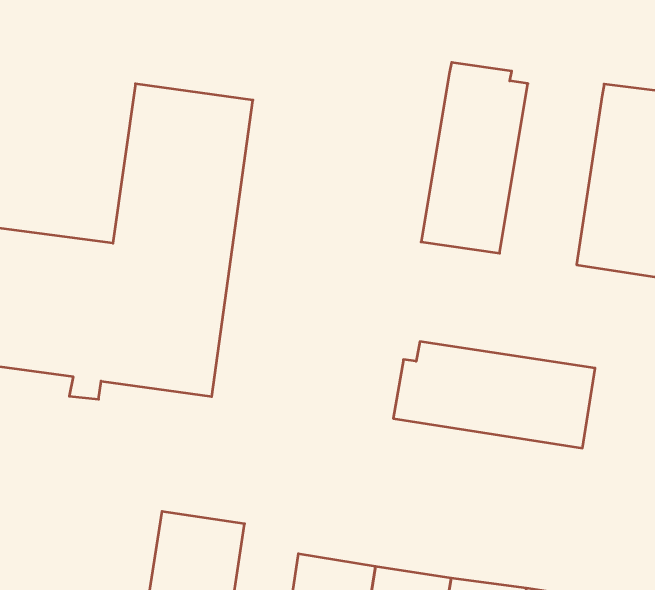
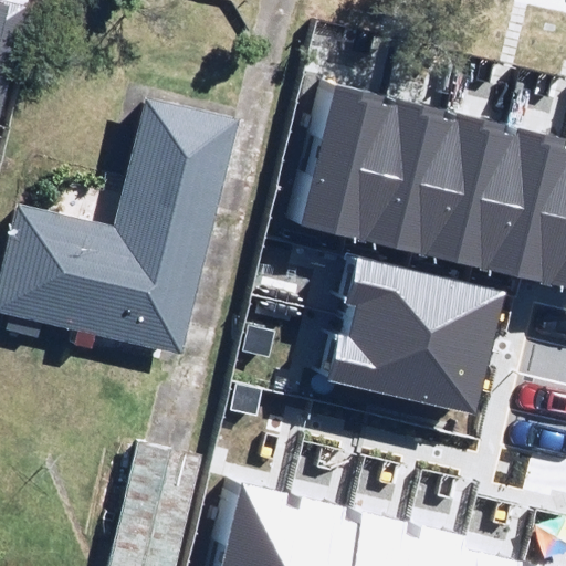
building: none -> [300,84,395,241]
building: none -> [422,113,515,270]
building: none -> [346,256,505,354]

